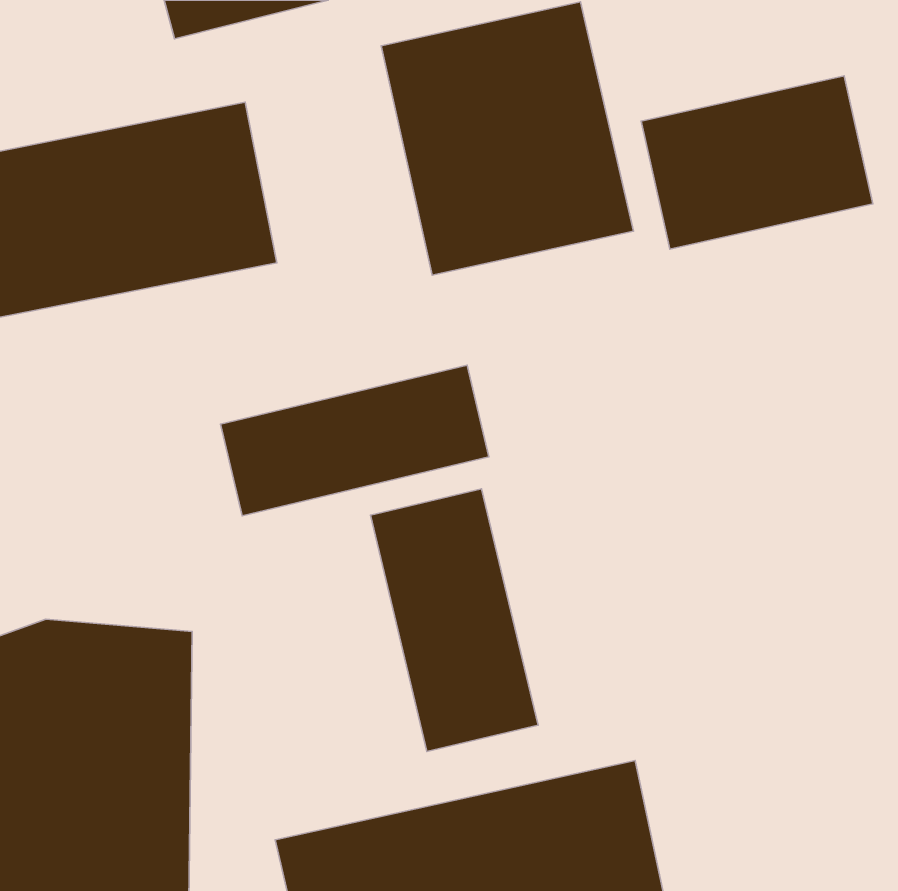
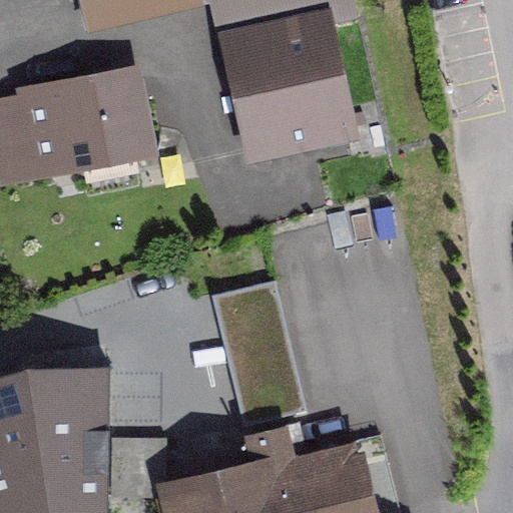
building: [641,76,873,249] -> none
building: [220,365,489,516] -> none

